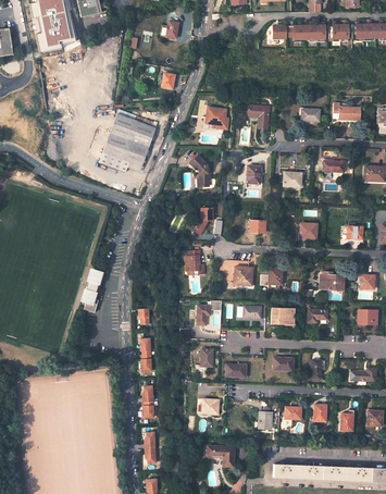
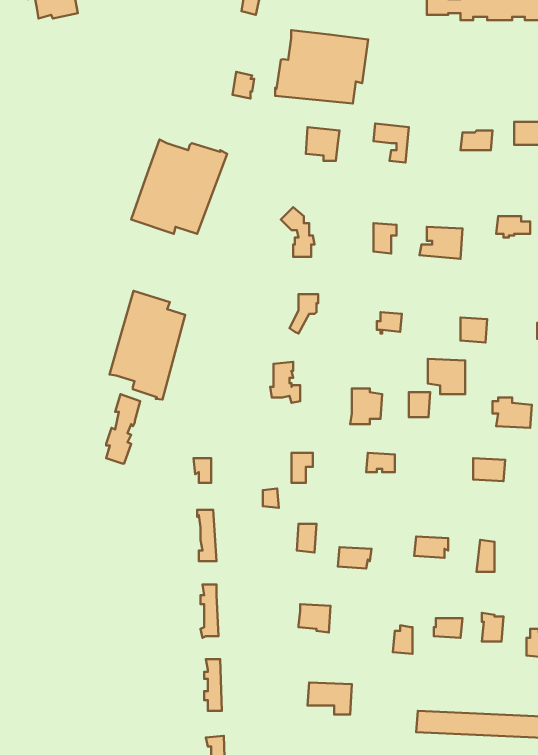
building: none -> [275,30,368,103]
building: none -> [110,291,185,400]
building: [271,308,294,330] -> [428,359,465,394]

